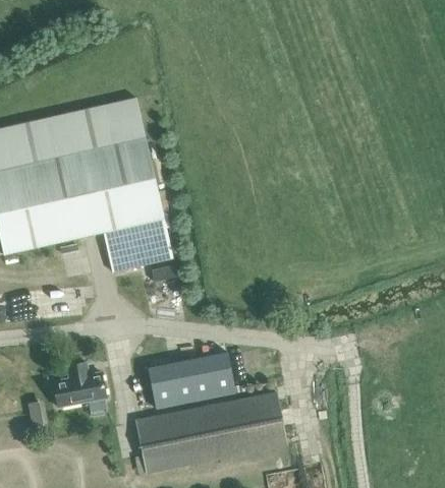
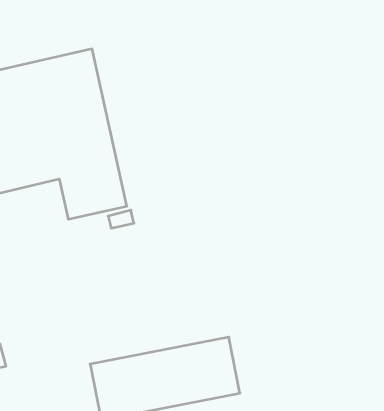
building: [149,352,237,407] -> none
building: [52,362,105,408] -> none

